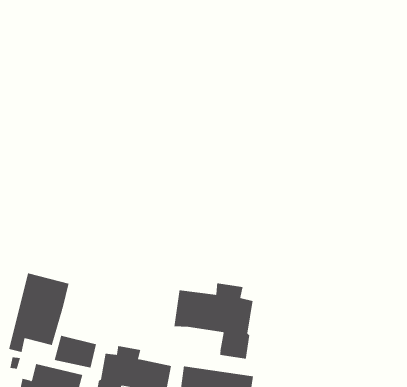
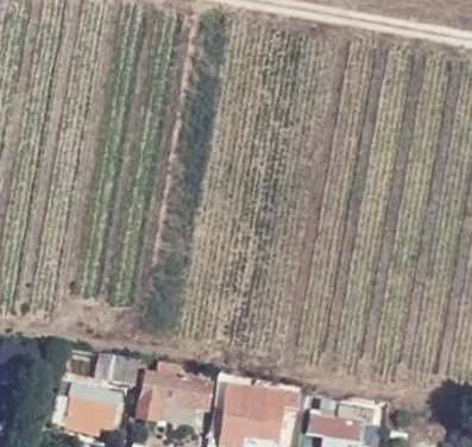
building: [9,272,69,353] -> none
building: [174,283,253,359] -> none

